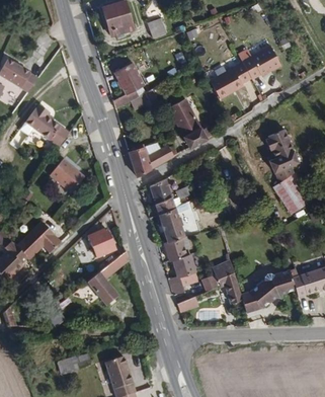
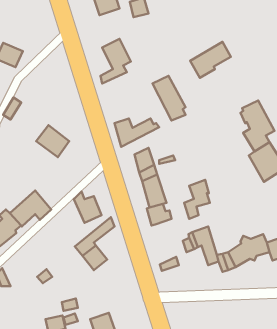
building: [245,48,286,82] -> none
building: [27,107,71,150] -> none
building: [168,253,195,295] -> [184,180,210,219]

